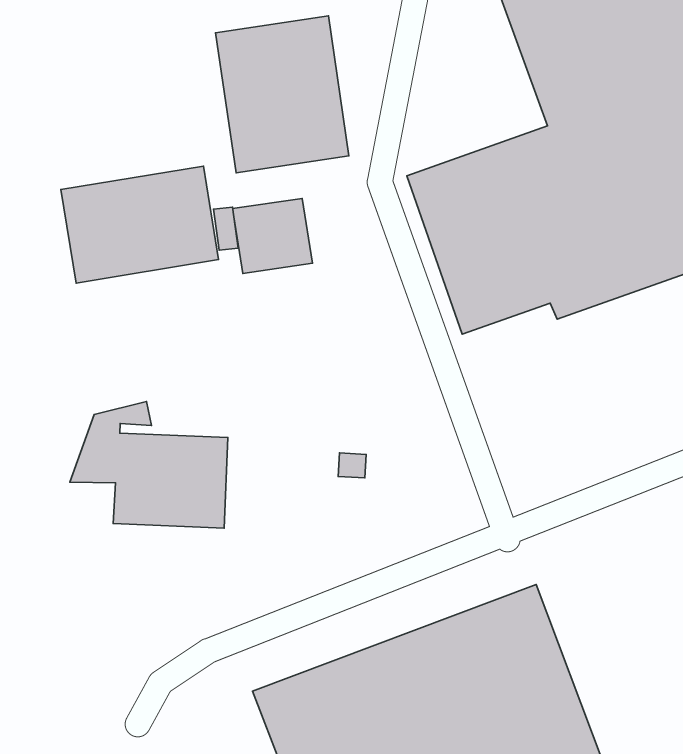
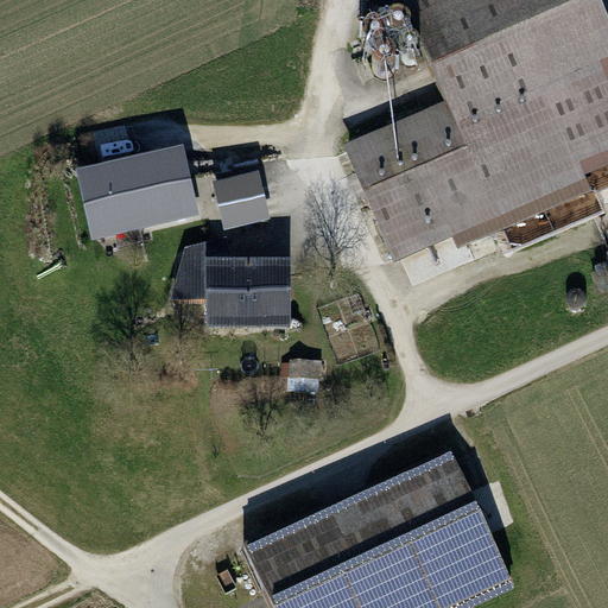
building: [215,16,349,173] -> none
building: [70,402,228,528] -> [170,236,289,330]

